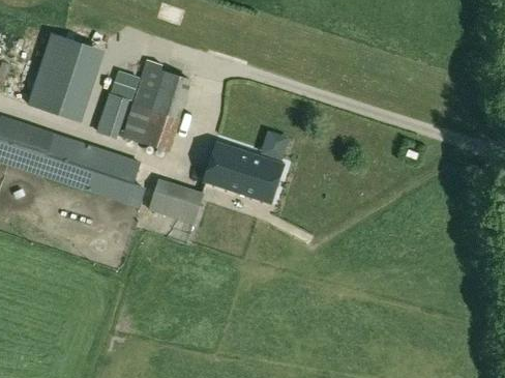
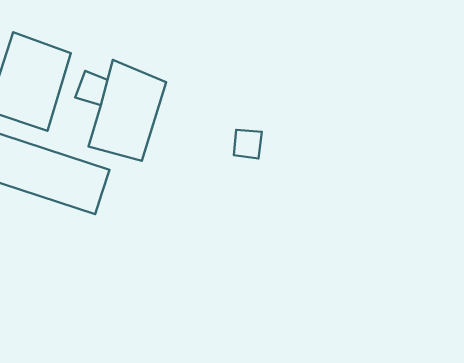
building: [96,94,132,140] -> none
building: [203,140,285,202] -> none
building: [148,176,203,223] -> none

